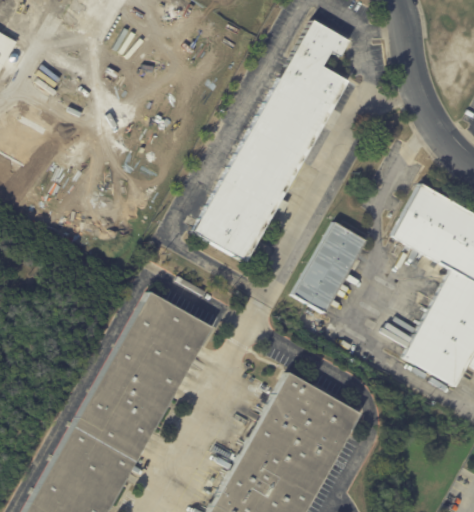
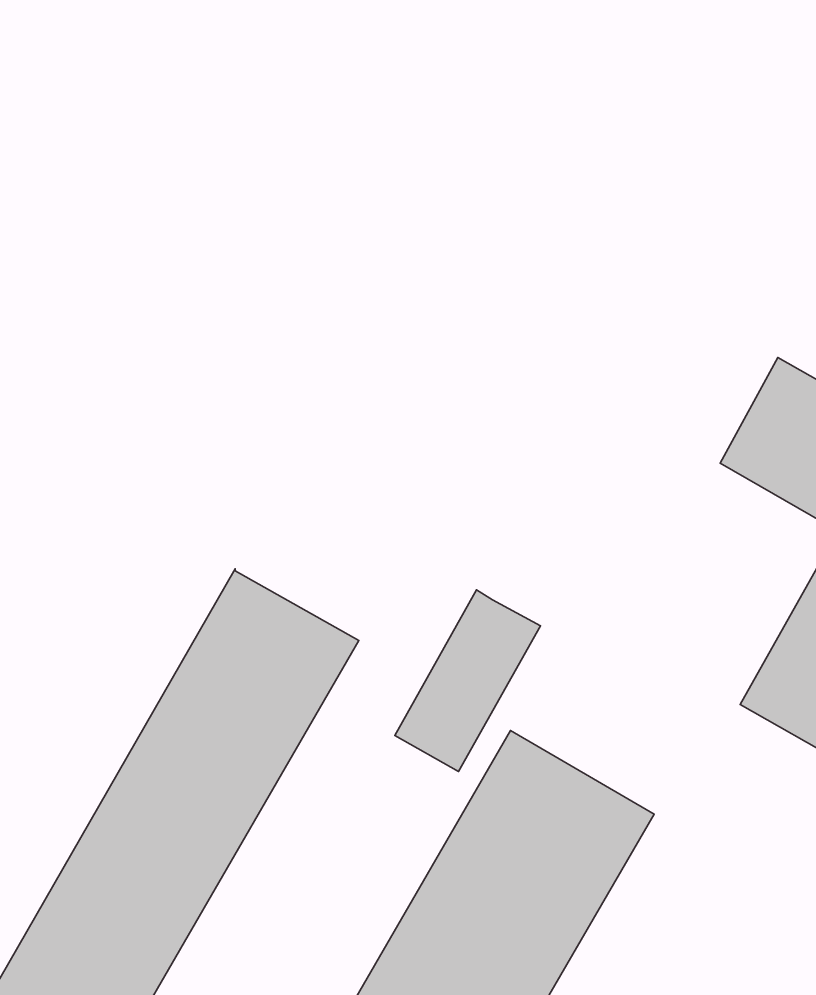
building: [192,19,349,262] -> none
building: [293,222,366,313] -> [395,590,540,771]

